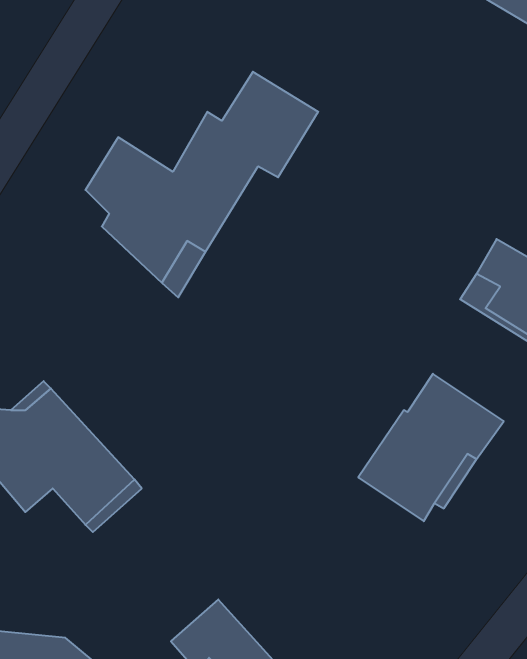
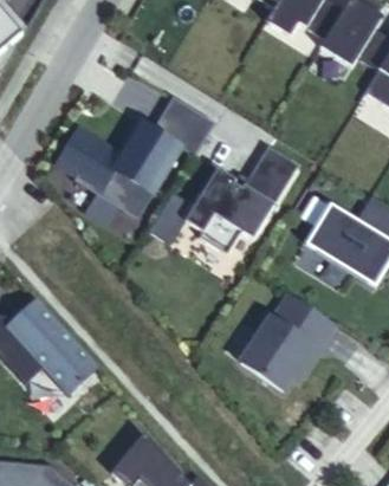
building: none -> [183,147,297,257]

